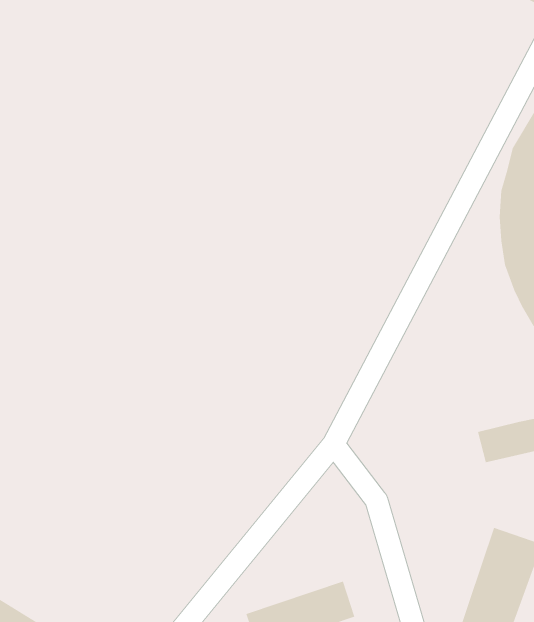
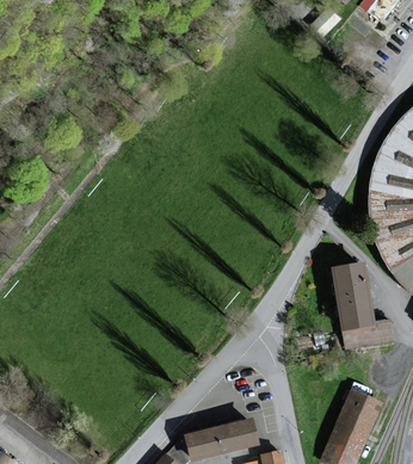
building: none -> [333,267,372,330]

